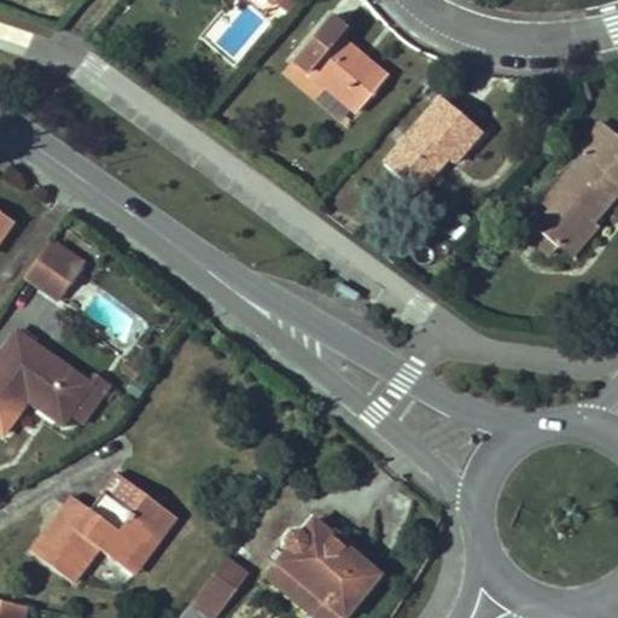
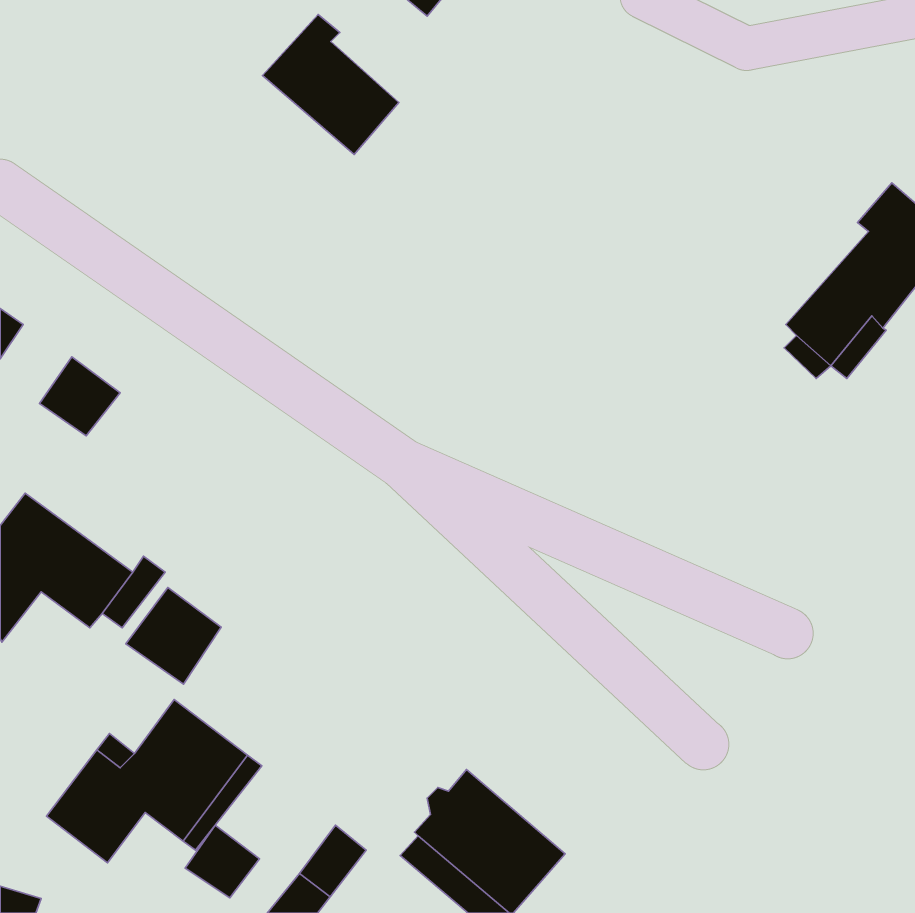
building: [295,17,386,111] -> [263,14,399,154]
building: [384,95,483,192] -> none
building: none -> [126,587,221,684]
building: none -> [185,825,259,898]

